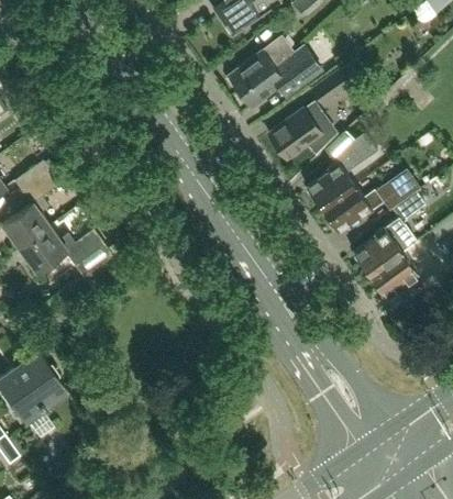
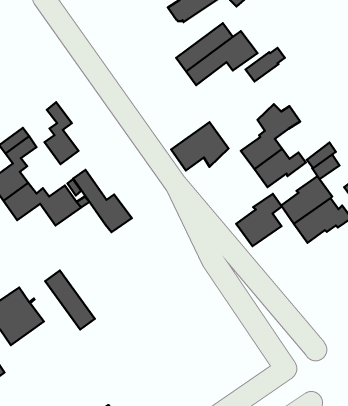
building: [268,101,338,159] -> [171,122,229,170]
building: none -> [44,102,79,164]
building: none -> [73,170,132,232]
building: none -> [236,194,282,246]
building: none -> [45,270,95,329]

